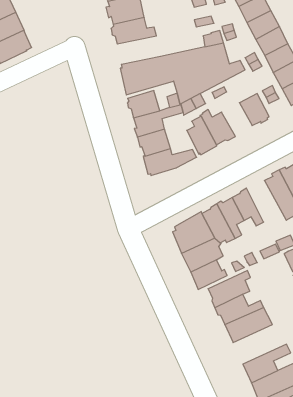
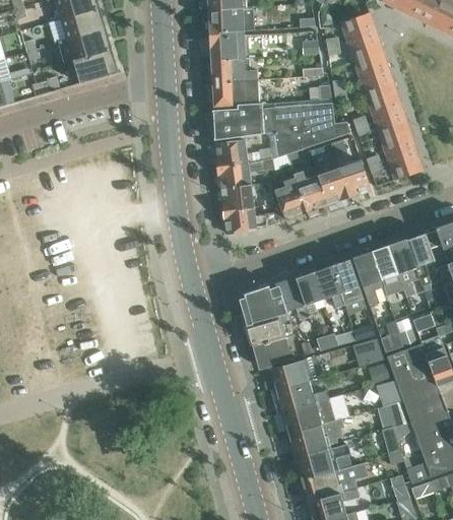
building: none -> [210,79,259,105]
building: none -> [317,168,348,204]
building: none -> [331,259,359,304]
building: none -> [289,417,344,453]

